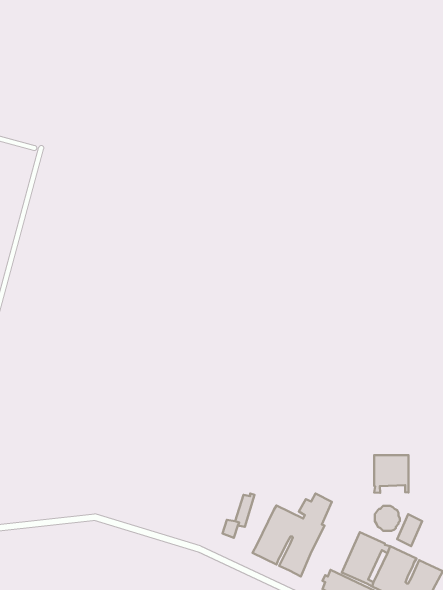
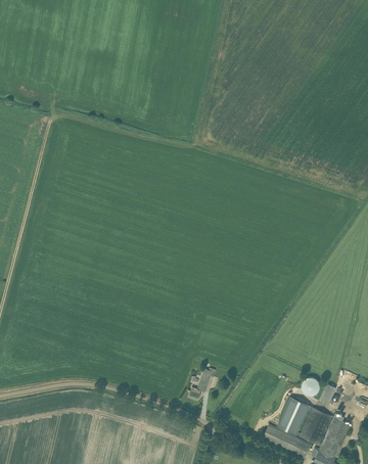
building: [374,455,409,493] -> none
building: [252,494,332,576] -> none

